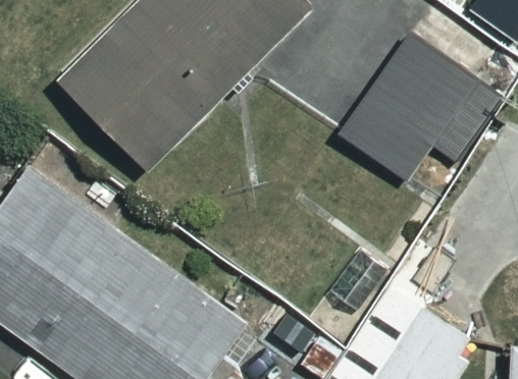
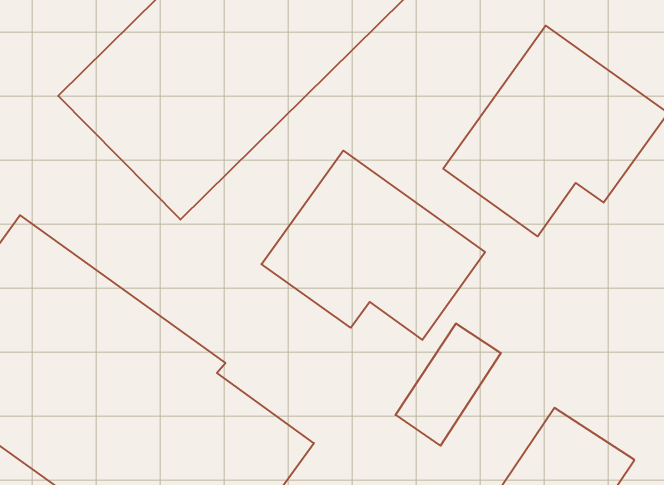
building: none -> [261,151,485,340]

